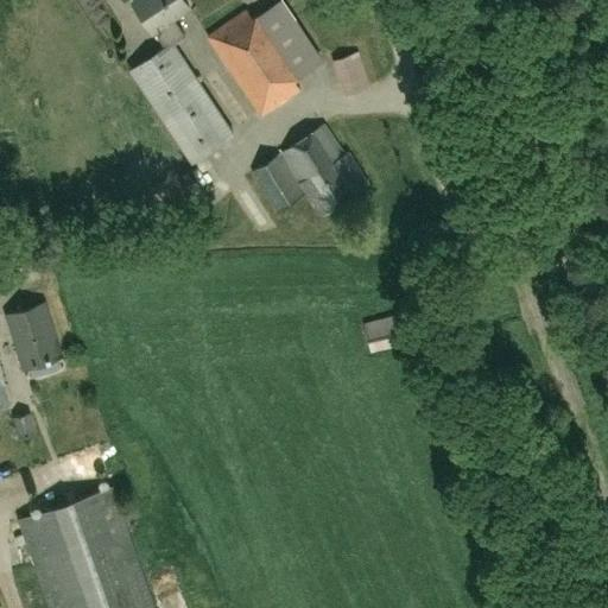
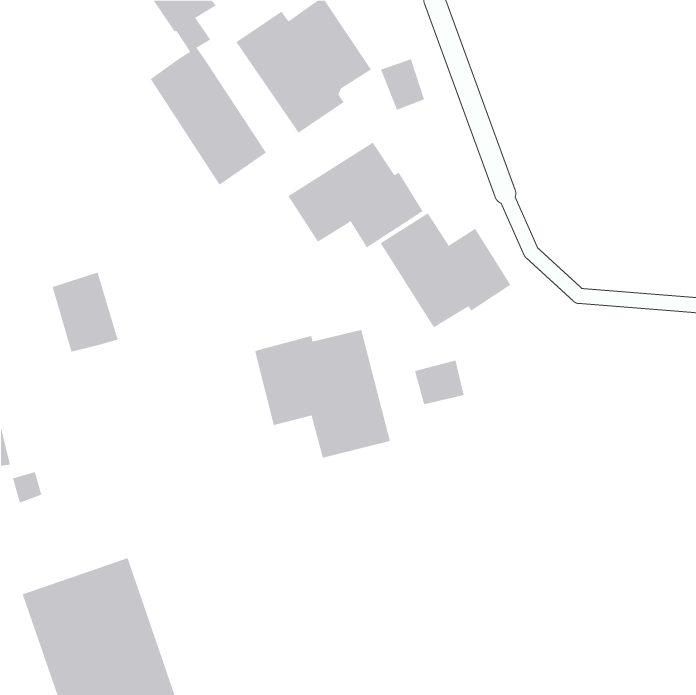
building: none -> [380,213,511,328]
building: none -> [255,329,390,459]
building: [5,302,63,372] -> [52,272,118,352]

